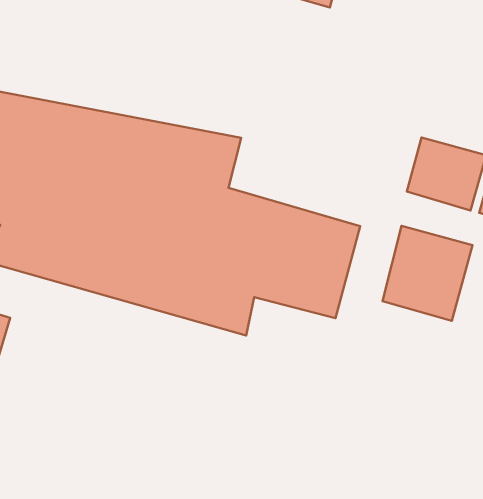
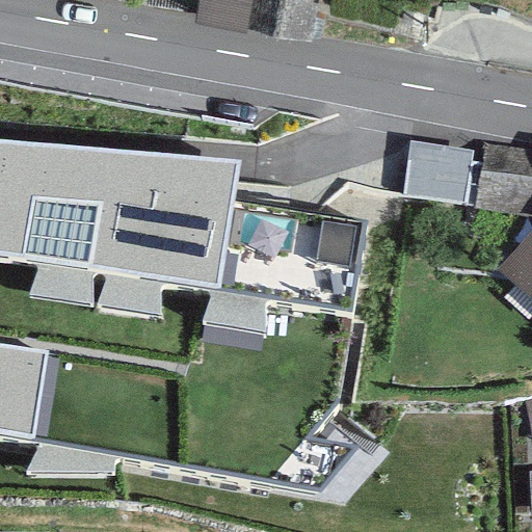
building: [382,226,473,321] -> none

